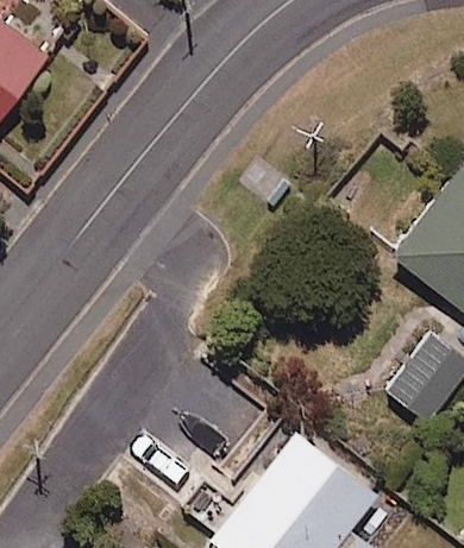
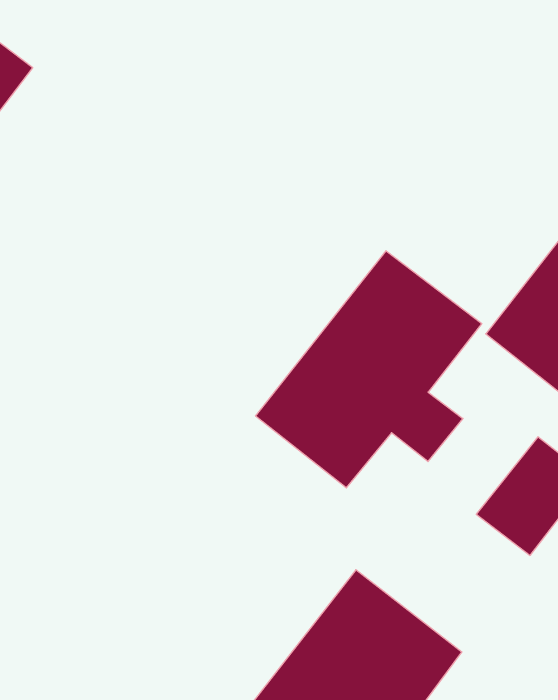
building: none -> [256,251,482,488]

